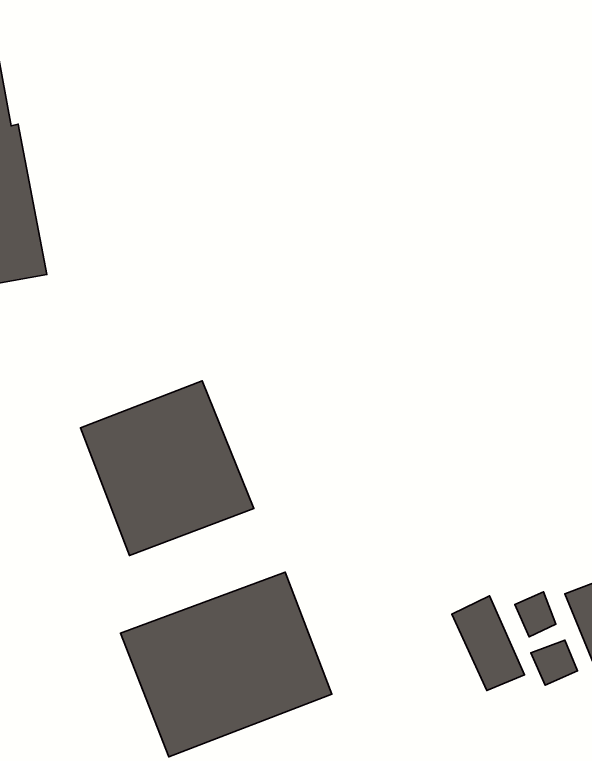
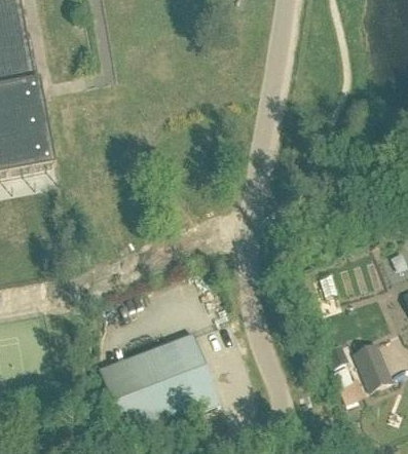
building: [80,381,254,556] -> none
building: [452,596,524,690] -> none

